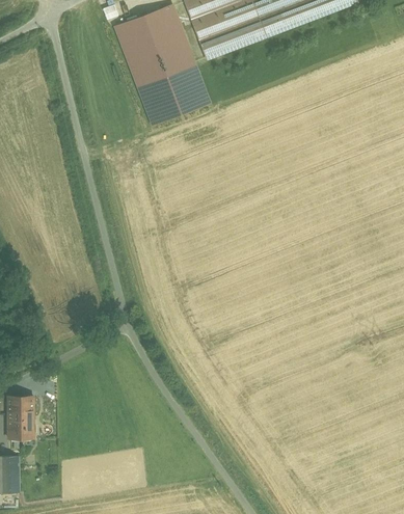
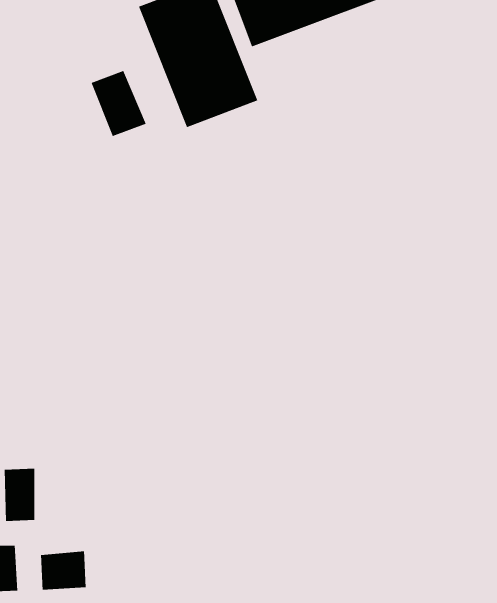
building: none -> [91,70,146,137]
building: none -> [41,550,86,590]

